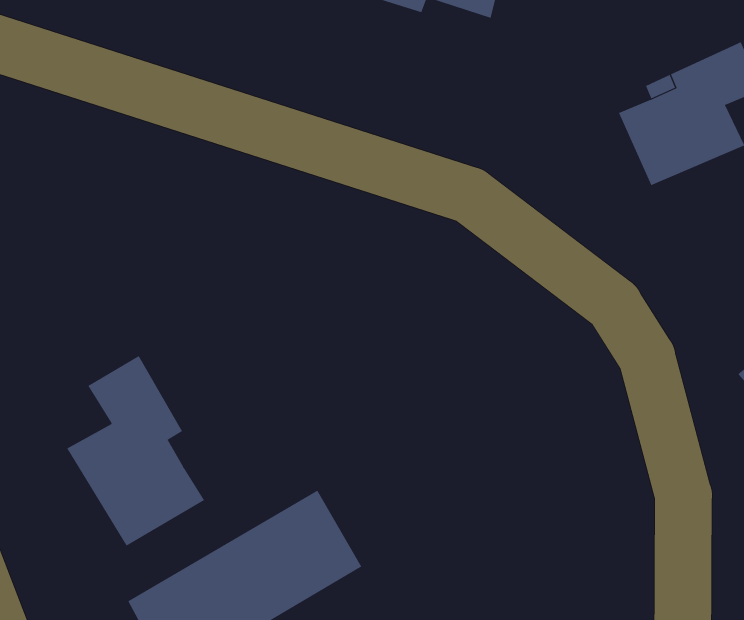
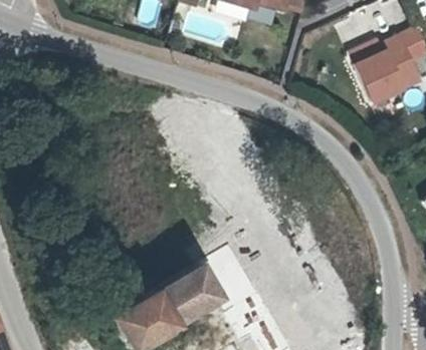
building: [67,355,205,547] -> none

